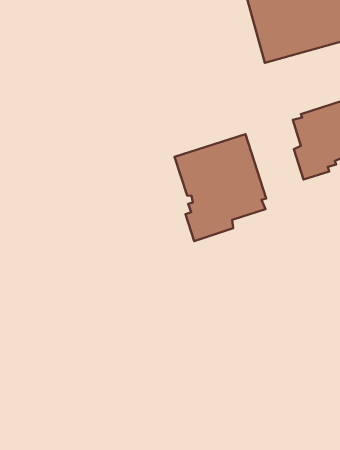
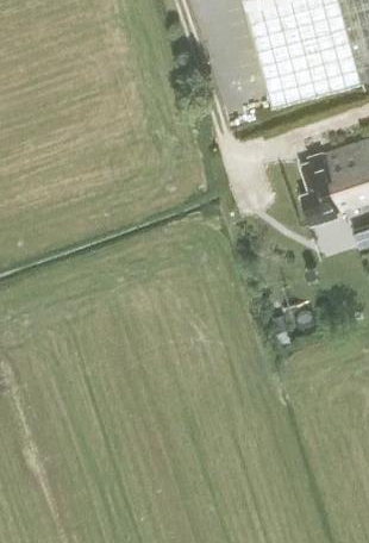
building: [174,134,266,241] -> none

